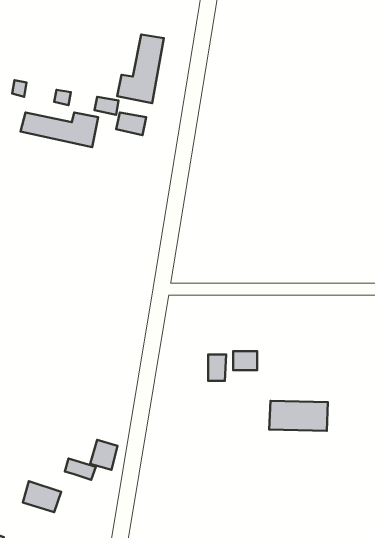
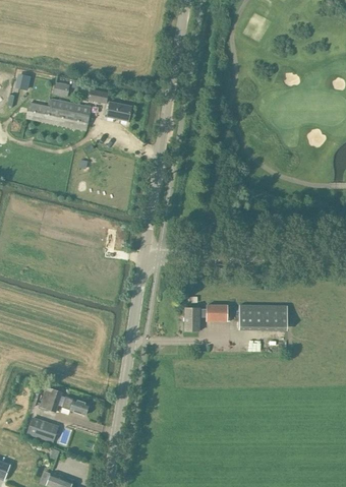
building: [117,34,164,103] -> none
building: [269,401,328,431] -> [238,304,288,329]
building: [90,440,118,470] -> [40,385,63,411]

